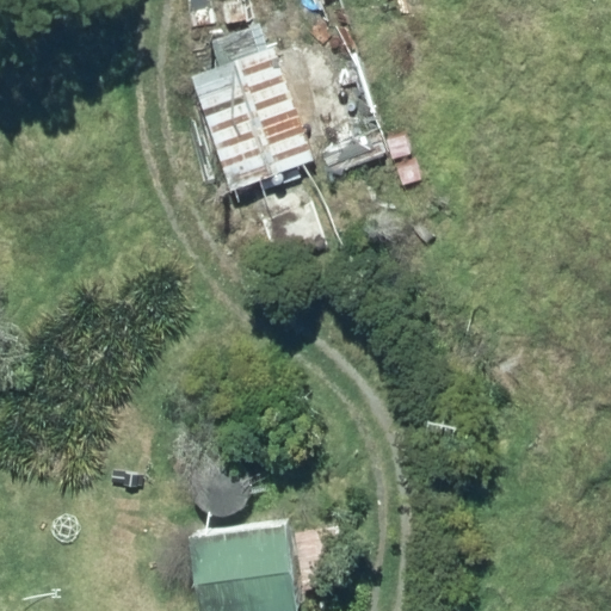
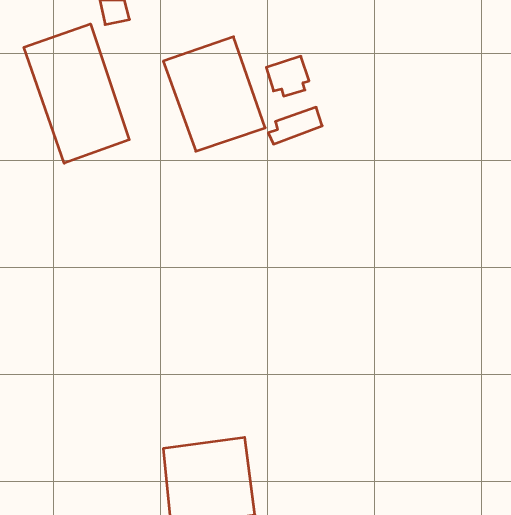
building: none -> [24,24,129,163]

